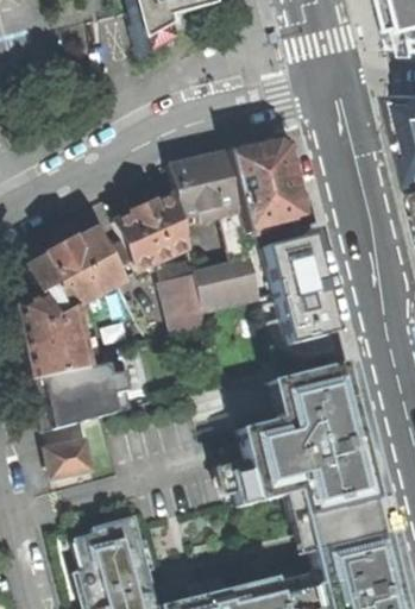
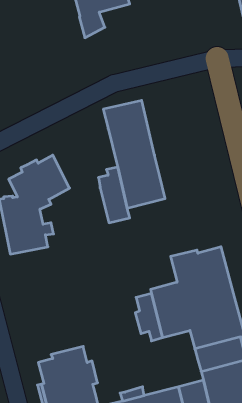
building: [226,137,307,232] -> none
building: [115,193,189,270] -> none
building: [259,237,339,360] -> none
building: [36,365,127,433] -> none
building: [50,440,98,472] -> none

